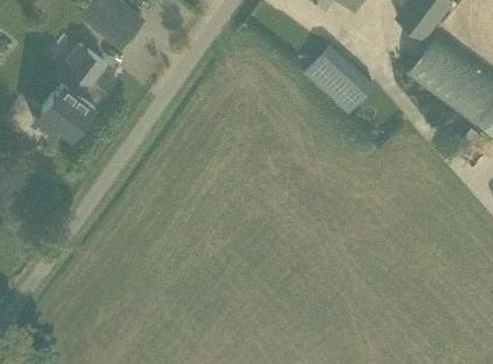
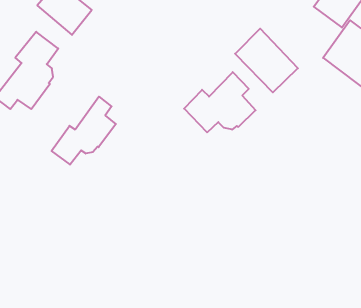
building: none -> [184,72,256,132]
building: none -> [52,97,116,165]

